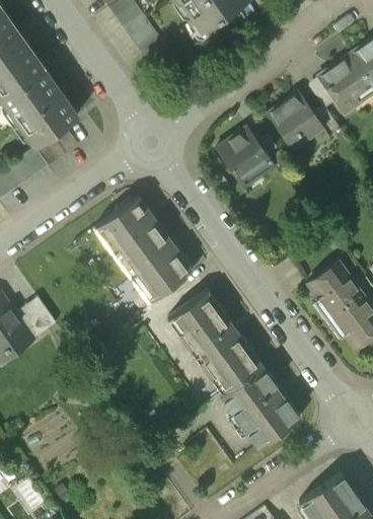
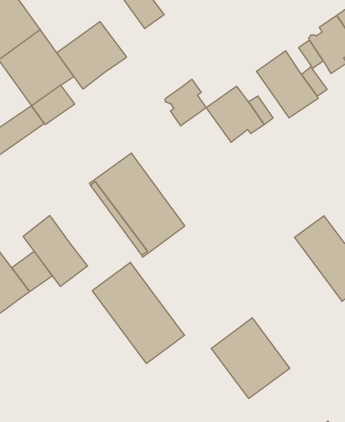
building: none -> [57,21,126,89]
building: none -> [165,79,206,126]
building: none -> [23,216,88,286]
building: [167,291,263,395] -> [92,262,185,363]

